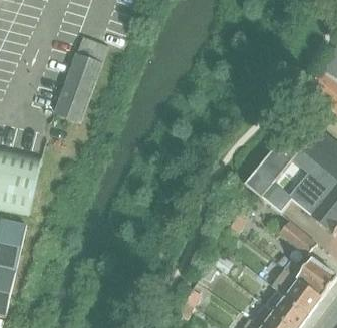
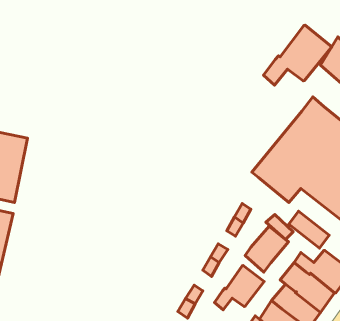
building: [54,36,109,122] -> none
building: none -> [263,25,332,85]
building: none -> [245,226,288,272]
building: none -> [214,265,264,310]

